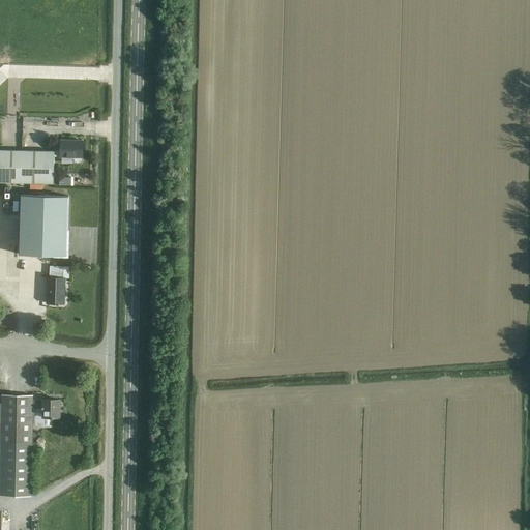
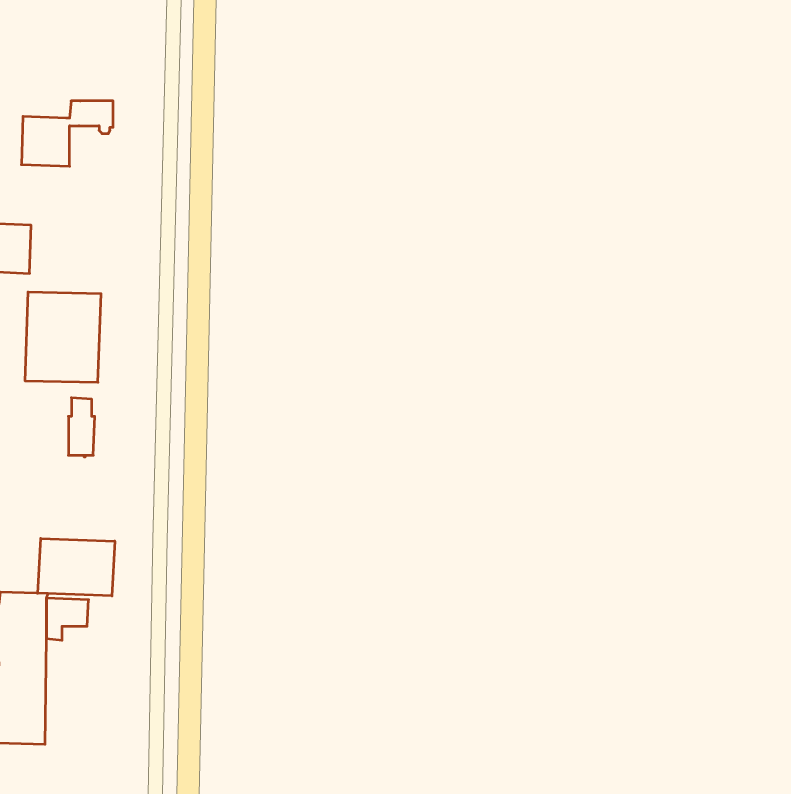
building: [20,140,81,183] -> [21,101,113,166]
building: none -> [38,538,115,596]

